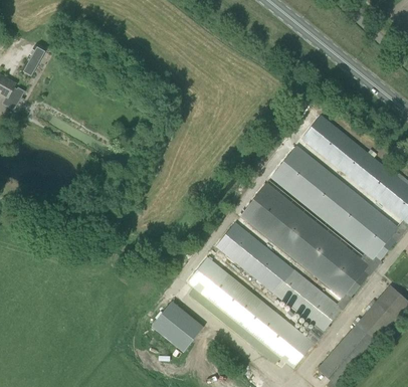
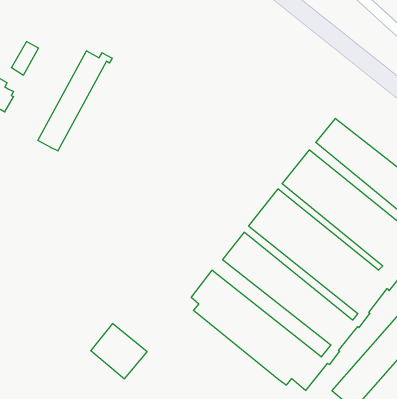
building: none -> [38,51,112,151]
building: [151,300,203,351] -> [91,324,147,379]

